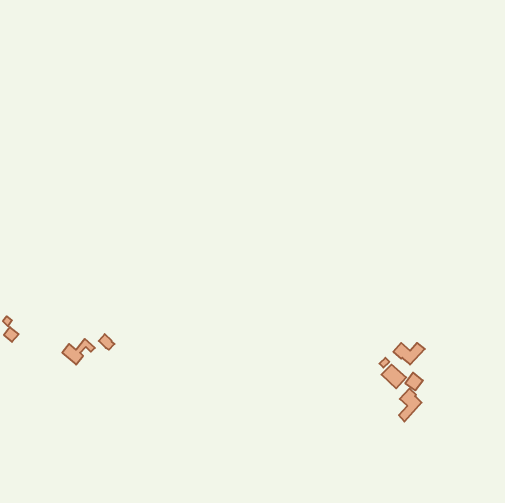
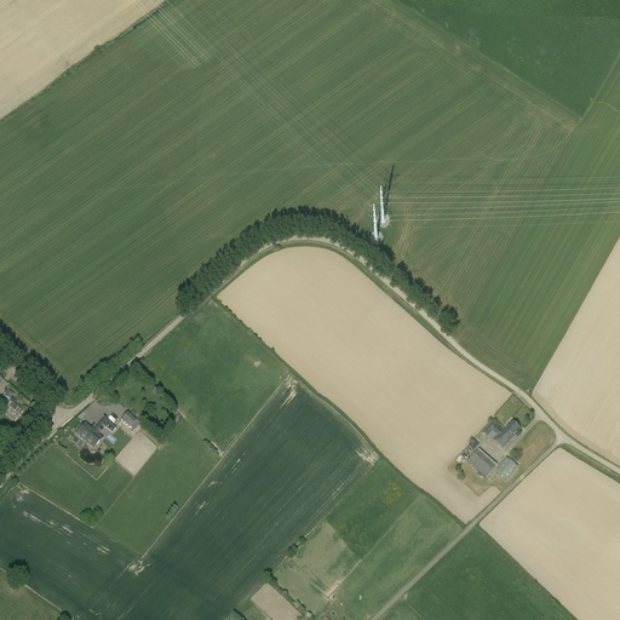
building: [399,389,422,422] -> none

